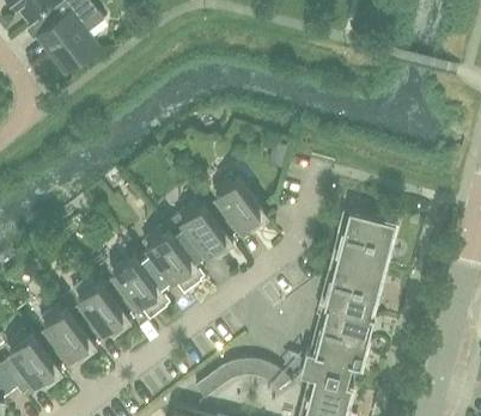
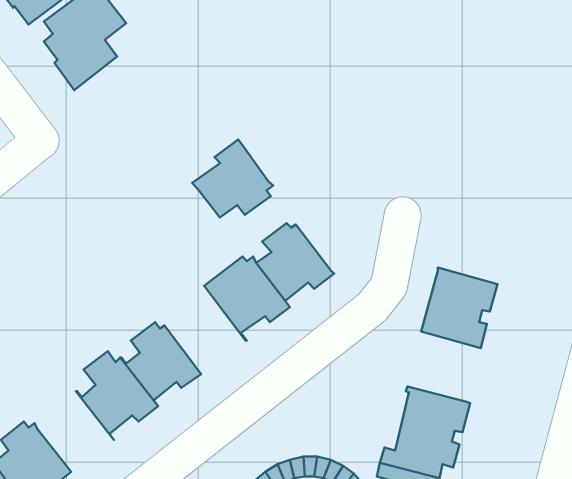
building: none -> [192,140,273,218]
building: [134,227,197,296] -> none
building: [324,263,382,318] -> none
building: [35,308,95,368] -> none

